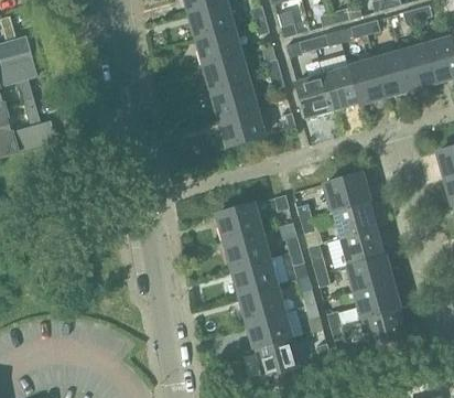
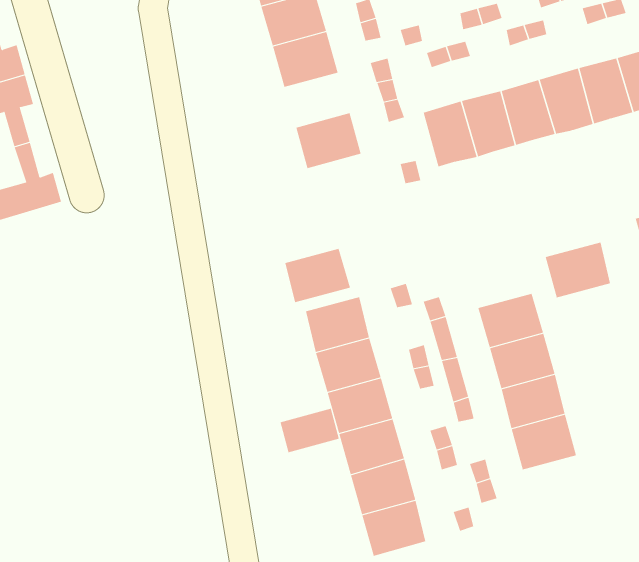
building: [204,54,248,90] -> none
building: [219,108,263,144] -> [285,248,351,303]
building: [325,173,369,211] -> [545,242,611,298]
building: none -> [280,408,339,453]
building: [363,309,407,345] -> none

